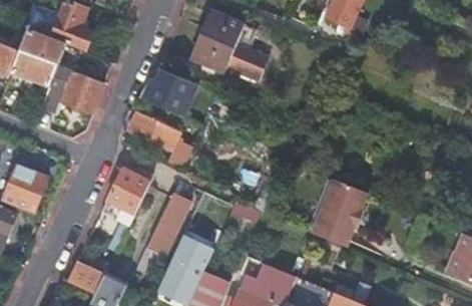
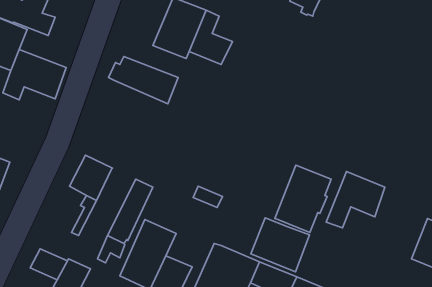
building: [128,110,190,170] -> none
building: none -> [326,172,385,228]
building: none -> [251,218,309,272]

